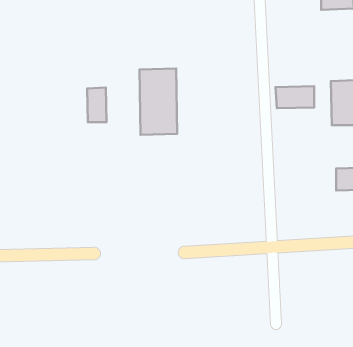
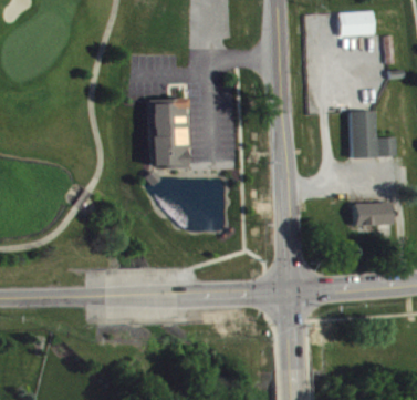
building: [275,86,314,108] -> none
building: [87,88,107,122] -> none

